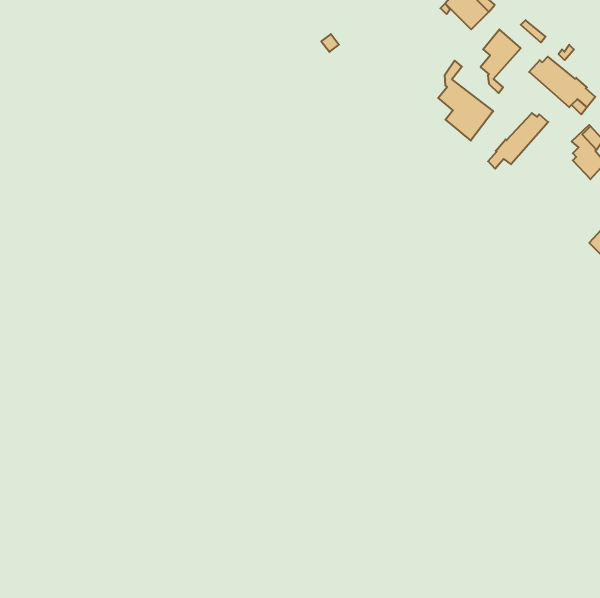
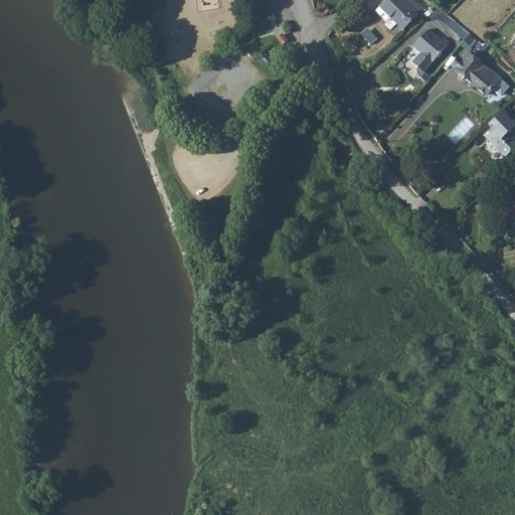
building: [438,61,493,141] -> none
building: [488,113,548,169] -> none

